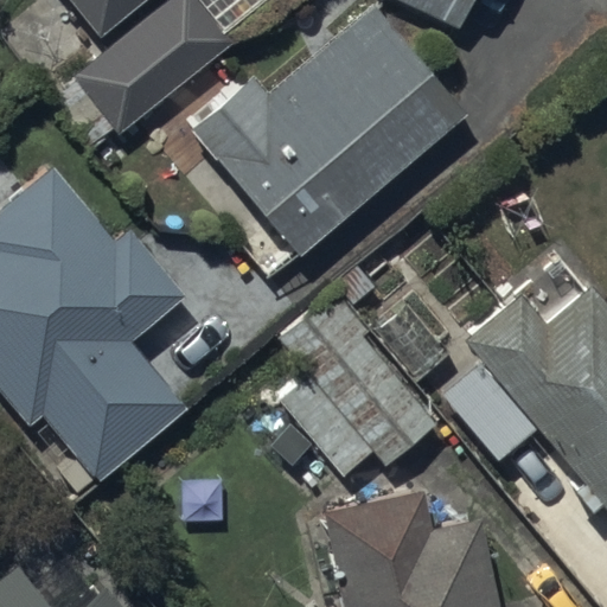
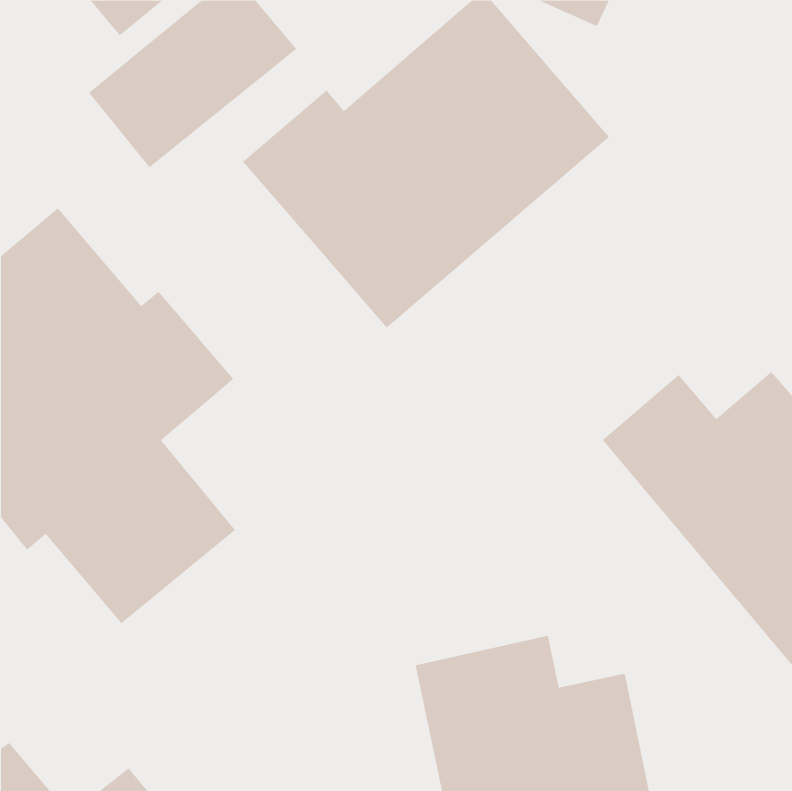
building: [280,293,443,477] -> none

